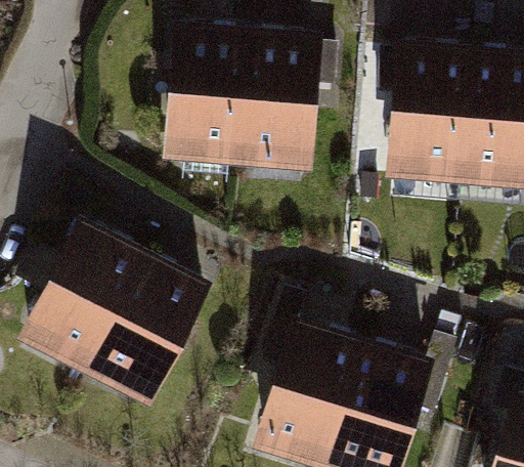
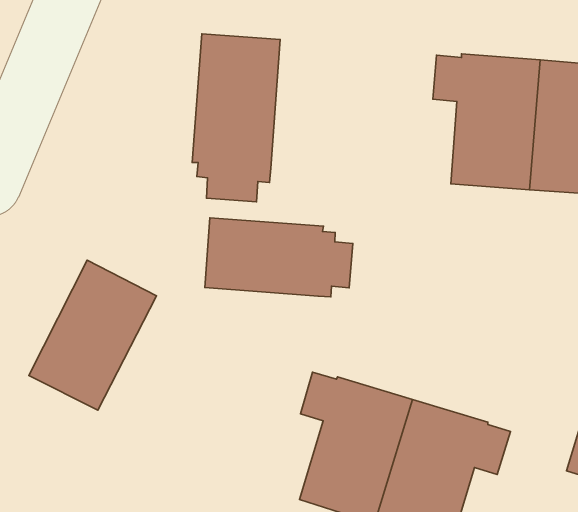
building: [237,38,335,154] -> none
building: none -> [205,218,353,297]
building: [89,258,200,387] -> none

